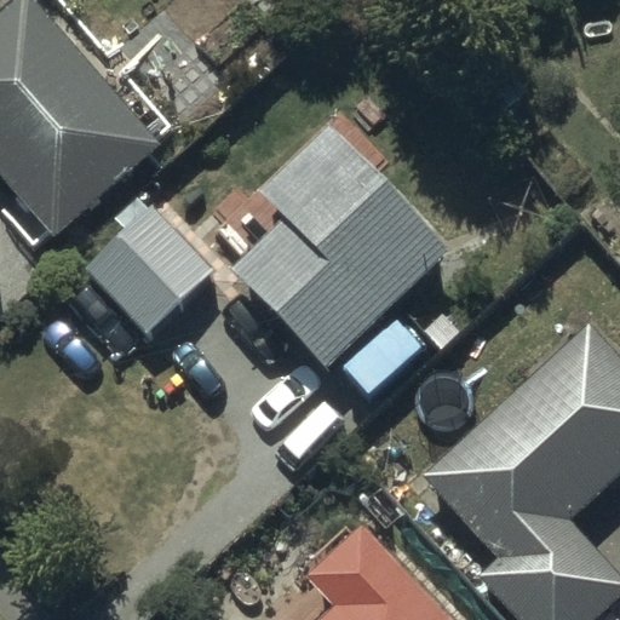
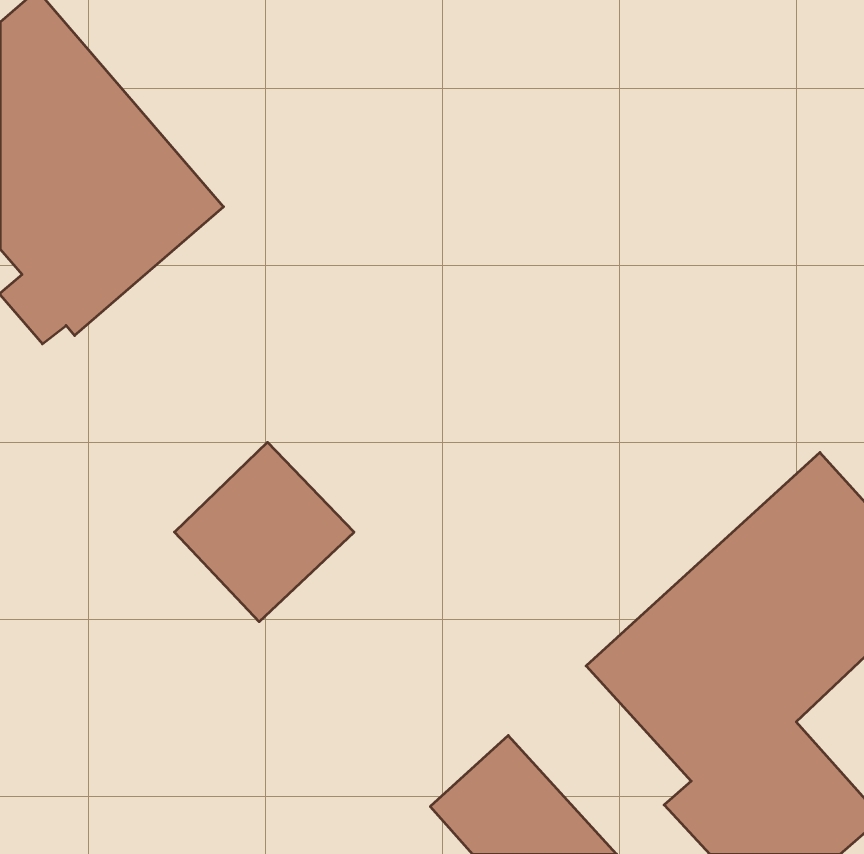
building: [234,128,448,367] -> none
building: [86,205,214,333] -> [174,442,354,622]

